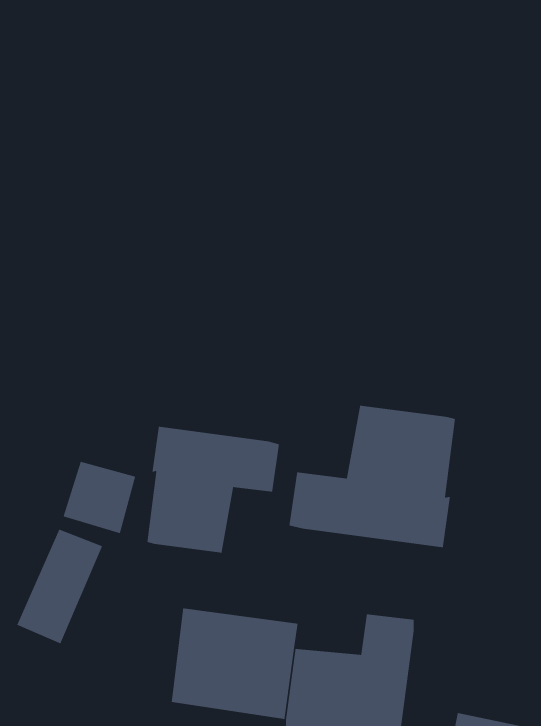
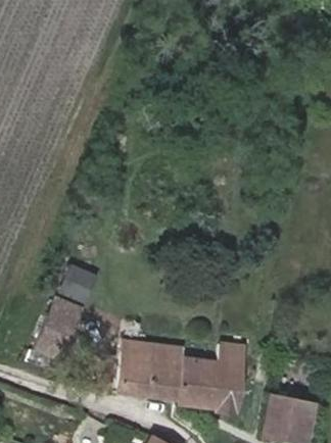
building: [289,405,456,548] -> none
building: [147,426,280,554] -> none

